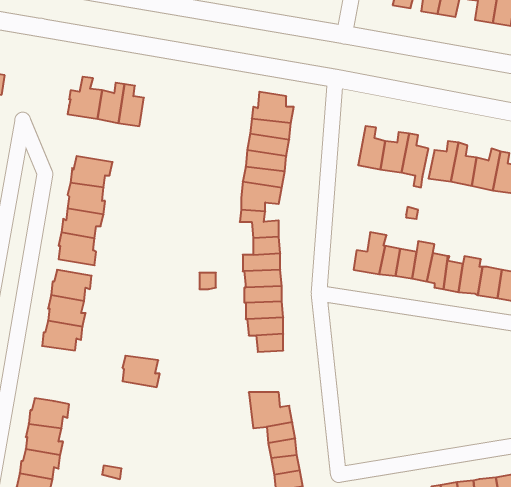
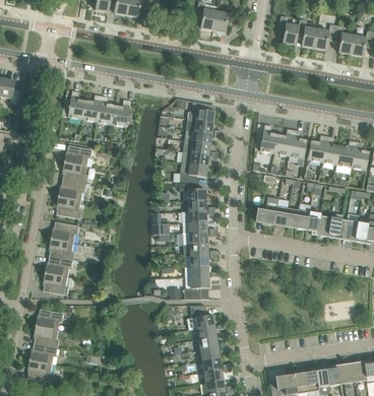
building: none -> [111,100,132,127]
building: none -> [184,276,209,299]
building: [122,356,160,387] -> [43,273,68,294]

